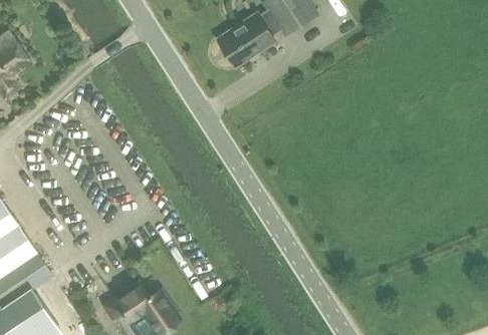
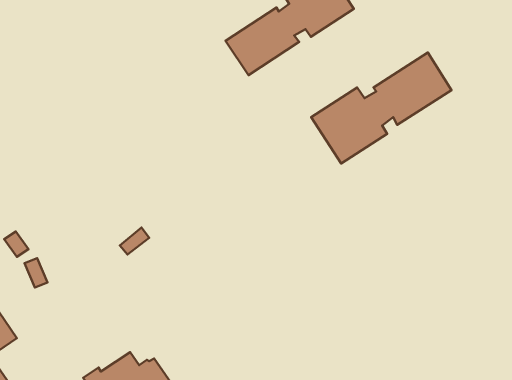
building: none -> [311,52,451,164]

